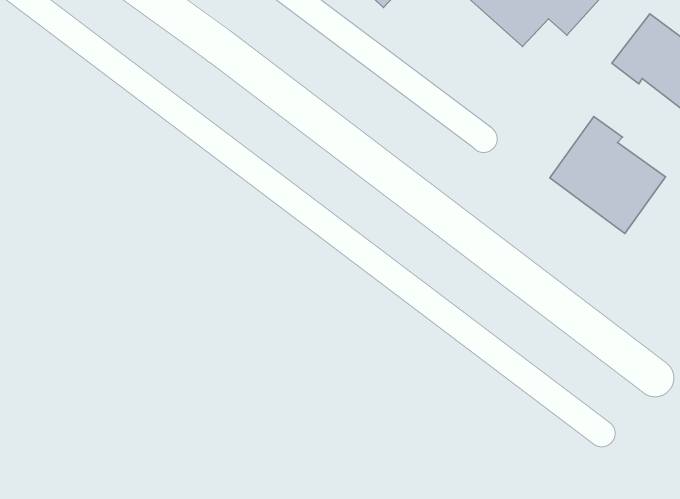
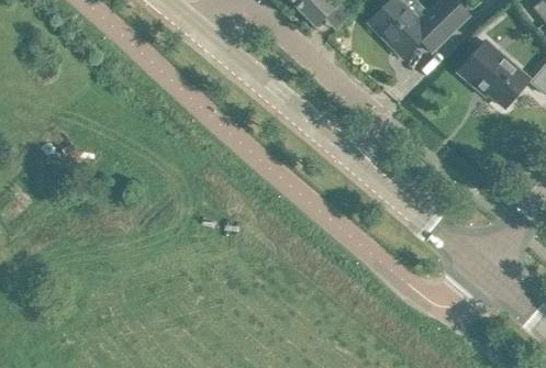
building: [550,116,666,234] -> none

